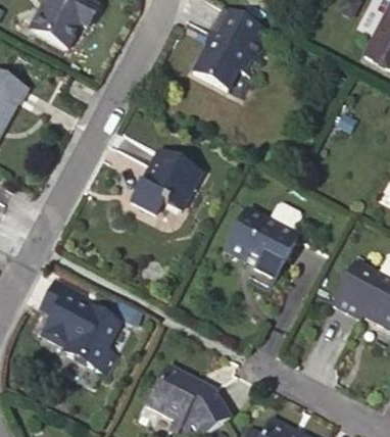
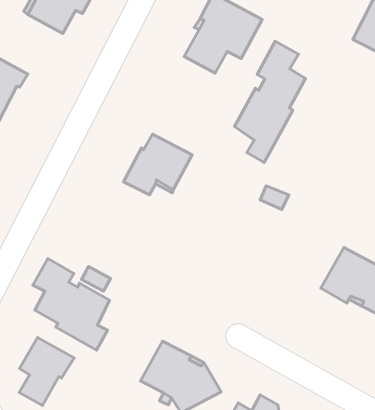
building: none -> [234,41,306,162]
building: [223,209,295,278] -> none
building: none -> [19,337,74,406]

